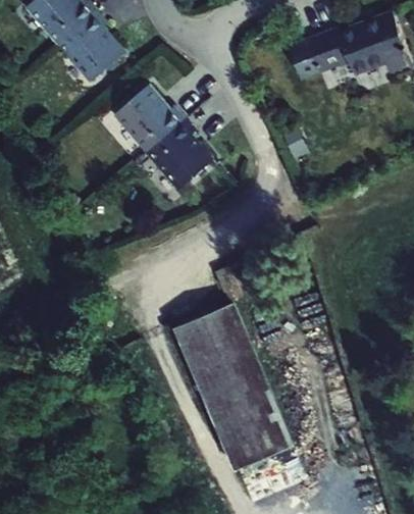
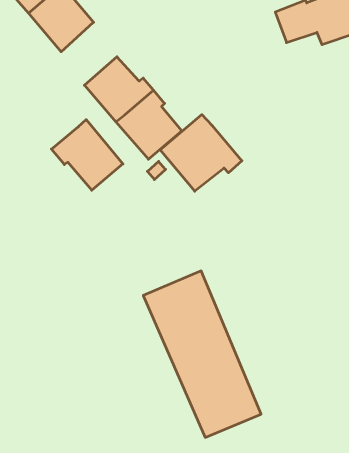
building: none -> [160,115,242,191]
building: none -> [51,120,123,190]

